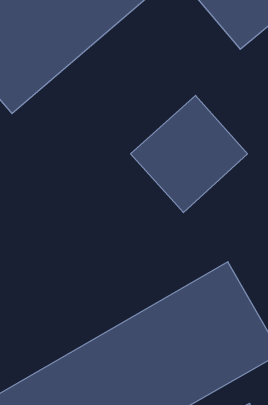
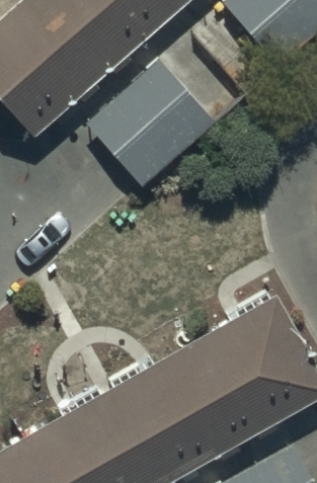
building: [131,95,247,213] -> [86,61,212,186]

